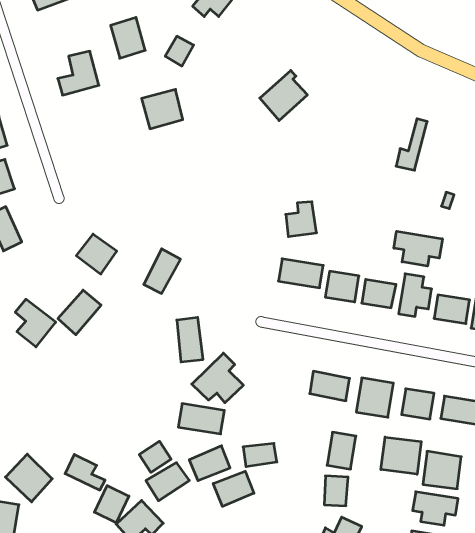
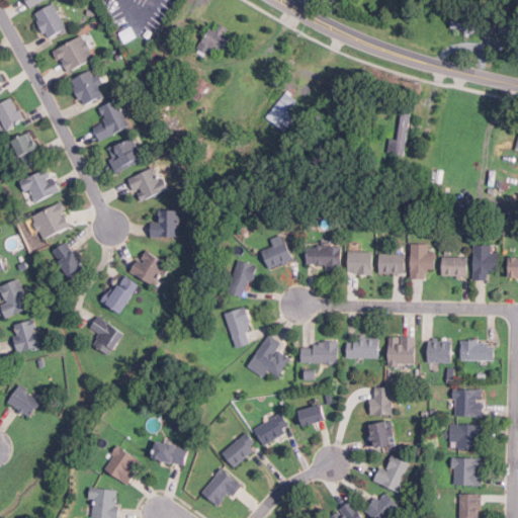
building: [111,17,145,58] -> [70,70,102,106]
building: [142,89,183,129] -> [127,166,165,202]
building: none -> [104,138,142,173]
building: none -> [149,210,178,238]
building: [286,202,317,237] -> [261,236,289,268]
building: [394,231,442,266] -> none
building: [144,249,180,293] -> [227,260,254,297]
building: [58,290,101,335] -> [103,275,138,314]
building: [178,404,224,434] -> [300,343,337,363]
building: [381,437,421,474] -> none
building: [139,441,171,472] -> none
building: [213,471,254,506] -> none
building: [94,486,129,523] -> none

